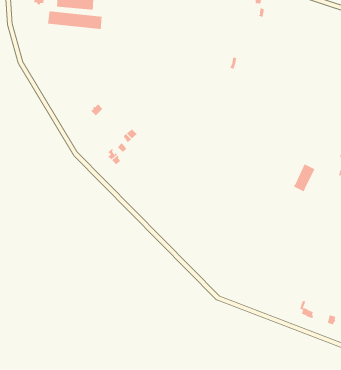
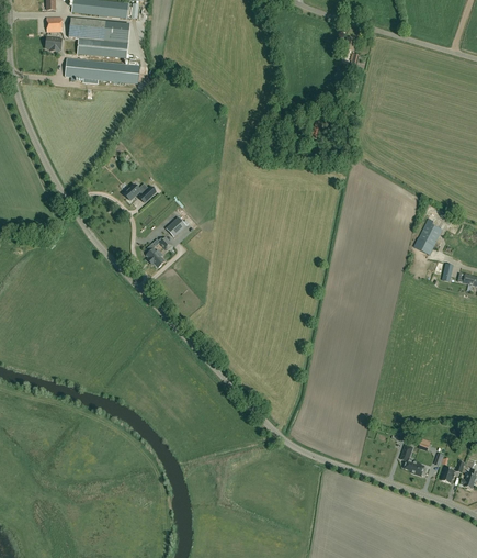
building: [293,163,316,192] -> [414,214,445,254]

